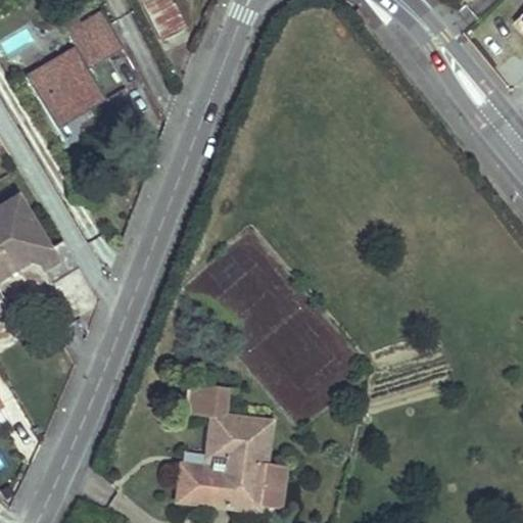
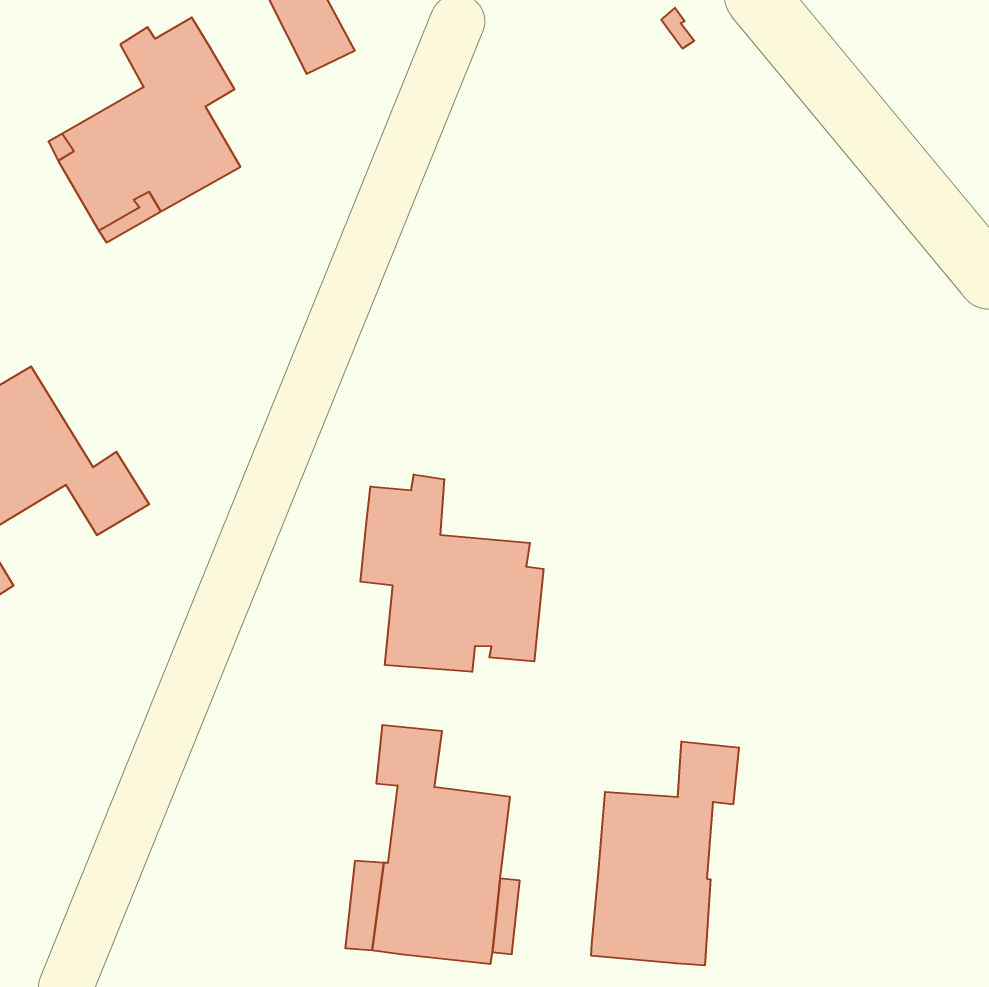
building: none -> [360,474,544,672]
building: none -> [591,741,739,965]

